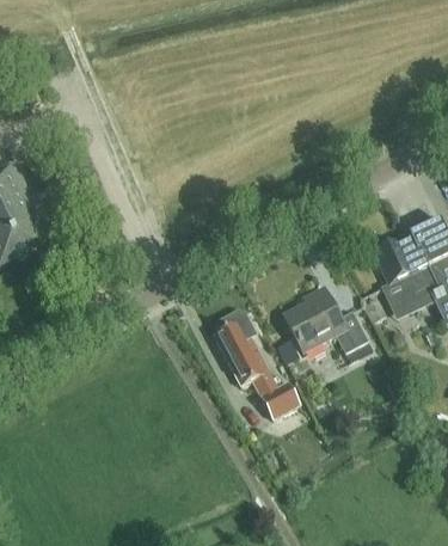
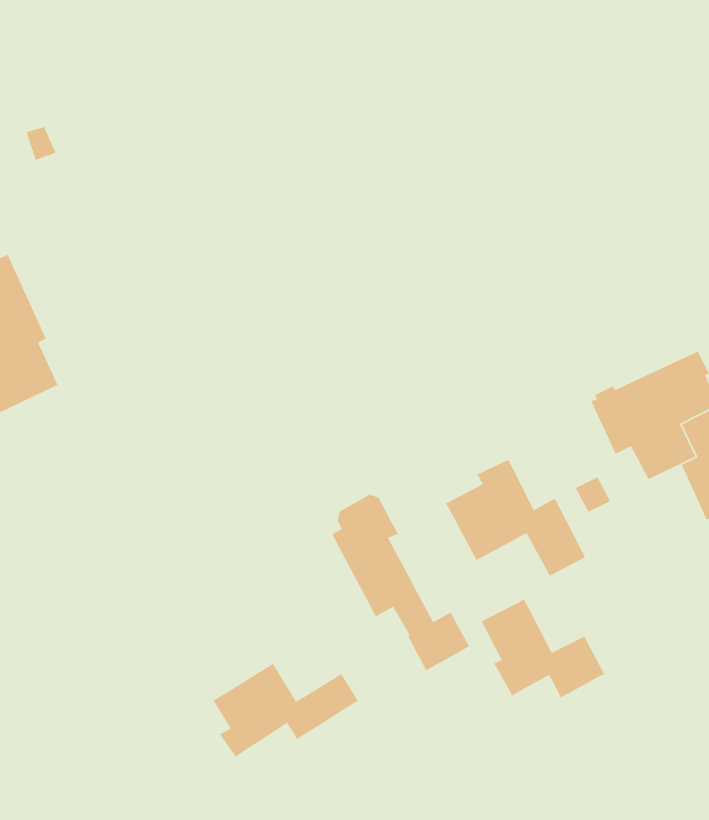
building: none -> [481,598,605,698]
building: none -> [212,663,359,757]

